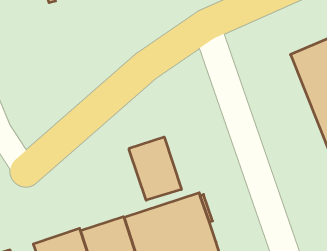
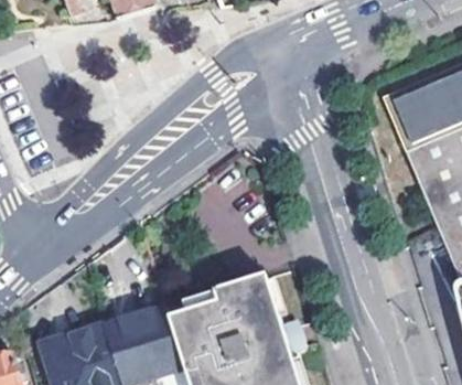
building: [129,137,181,200] -> none

